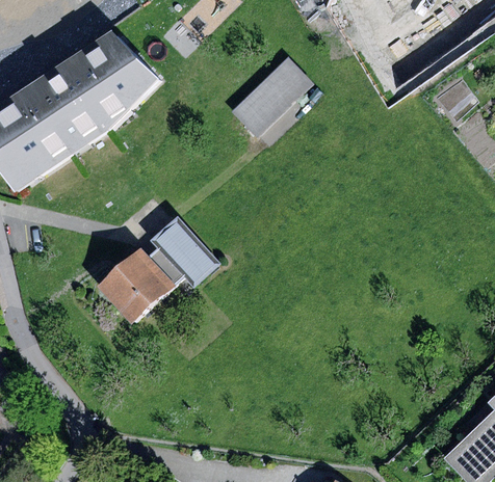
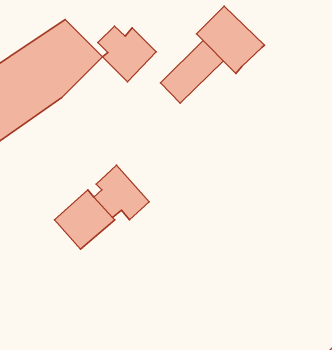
building: none -> [197,6,264,74]
building: none -> [98,26,156,82]

